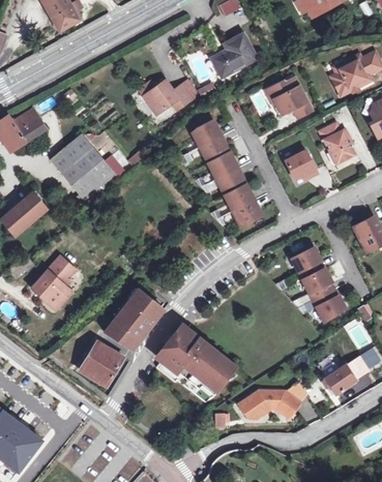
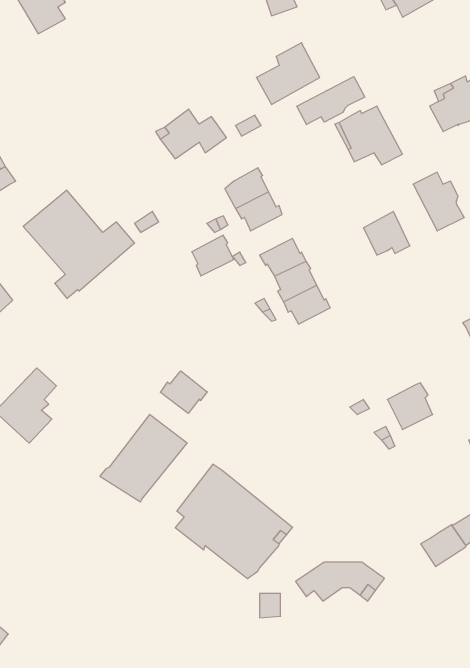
building: none -> [297,77,365,125]
building: [208,151,237,179] -> [192,235,234,276]
building: [292,246,323,278] -> none
building: none -> [160,371,207,413]
building: [313,289,346,320] -> none
building: [82,342,124,386] -> none

